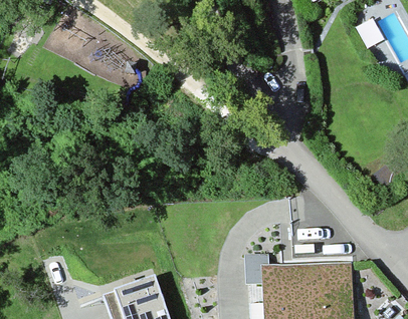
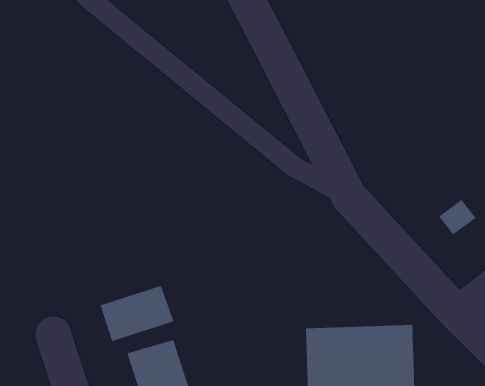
building: none -> [100,285,174,342]

